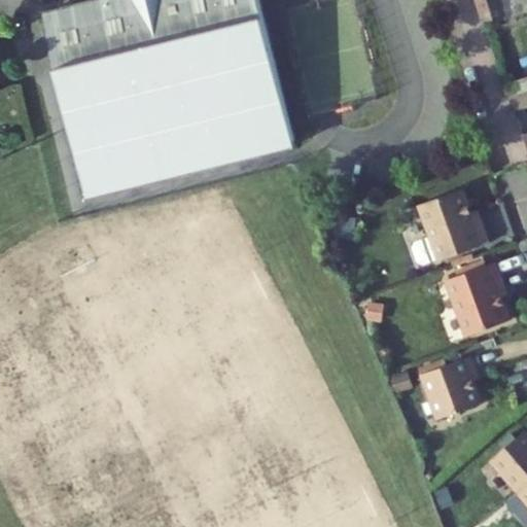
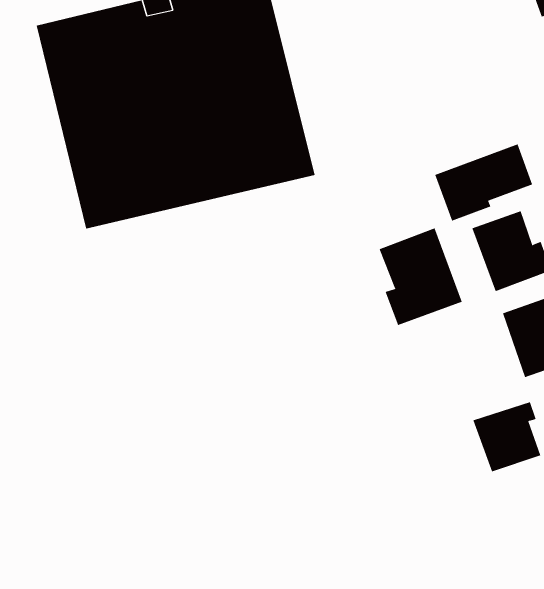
building: none -> [434,143,533,221]
building: none -> [379,227,463,326]

